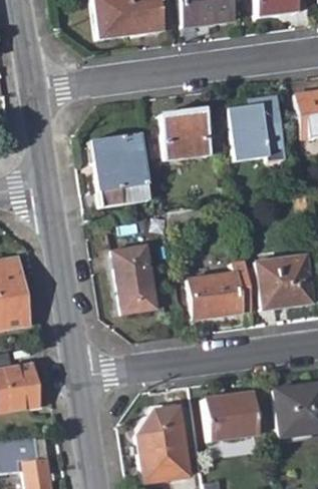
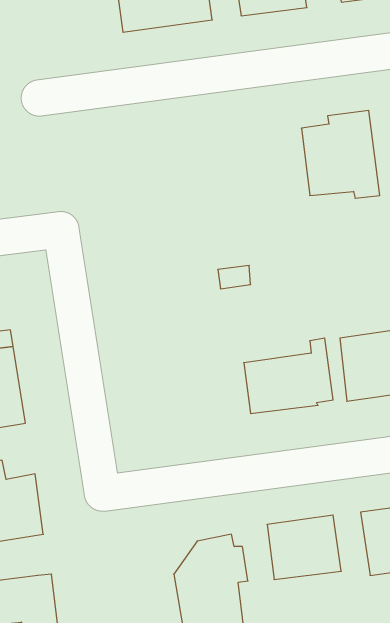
building: [160,108,212,161] -> none
building: [90,134,150,206] -> none
building: [112,246,156,313] -> none

